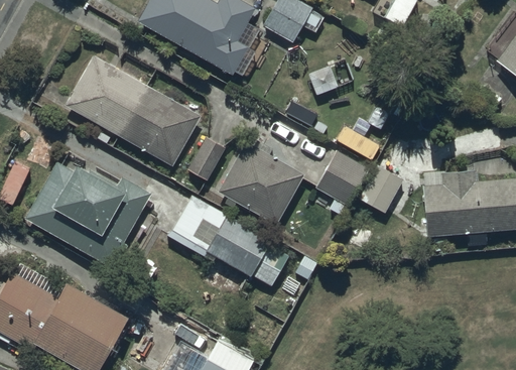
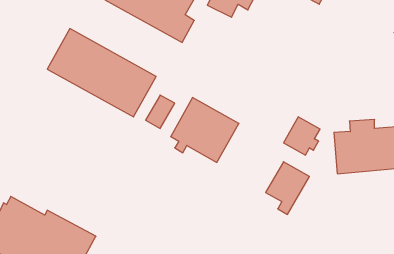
building: [314,152,369,218] -> [266,162,309,214]
building: [25,163,150,266] -> none
building: [174,198,288,287] -> none

